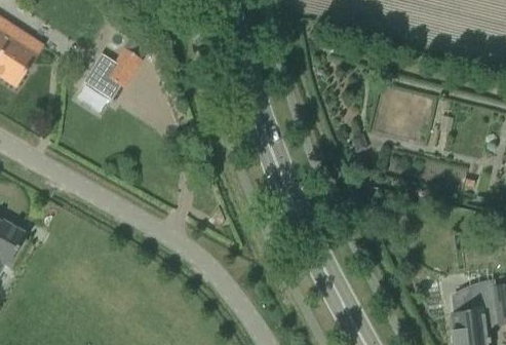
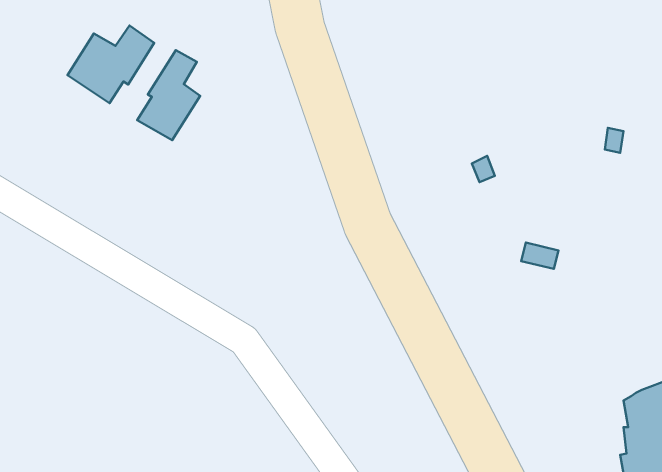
building: none -> [137,50,200,140]

